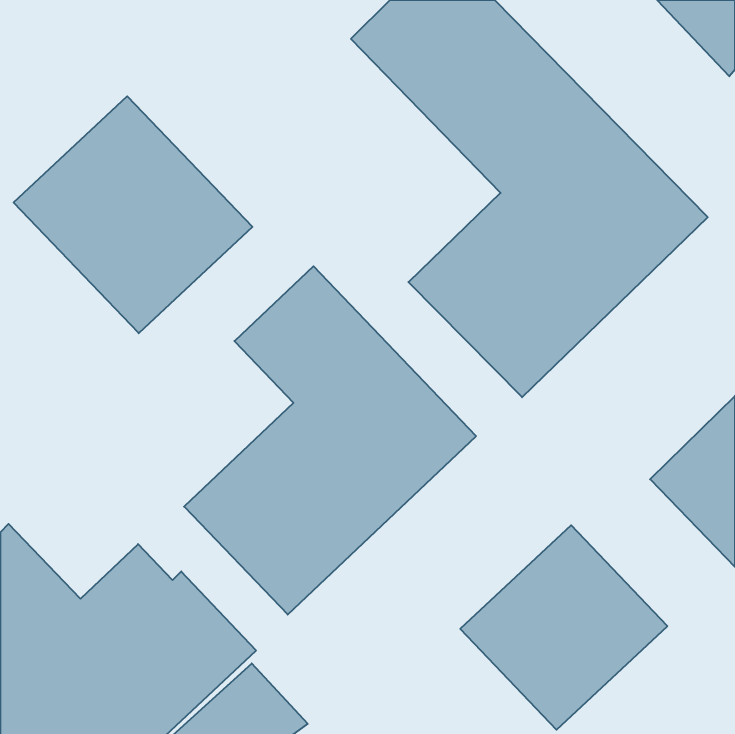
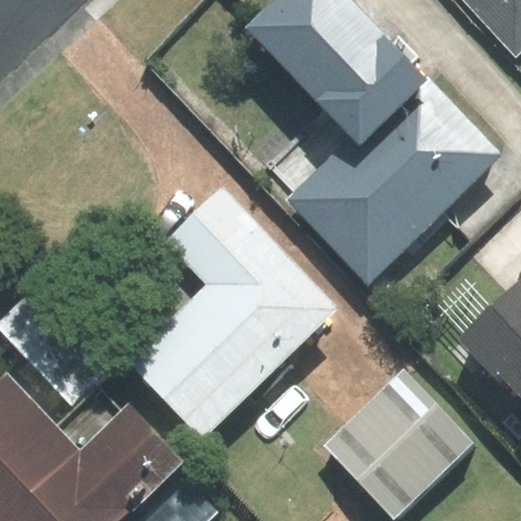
building: [14,96,252,333] -> none

